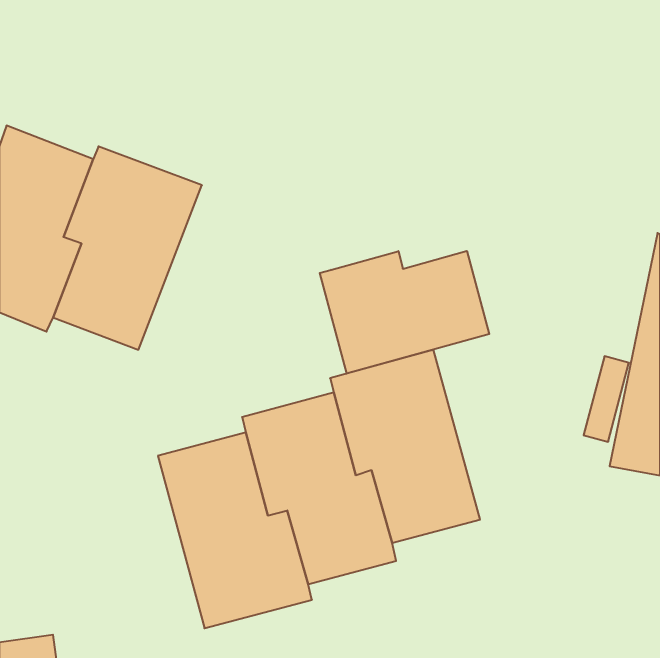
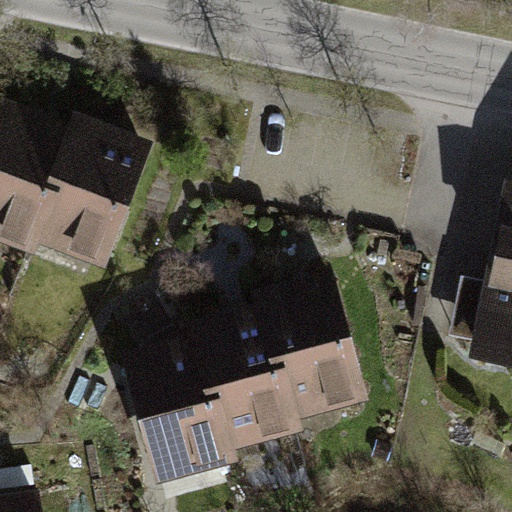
building: [320,251,489,374] -> none

